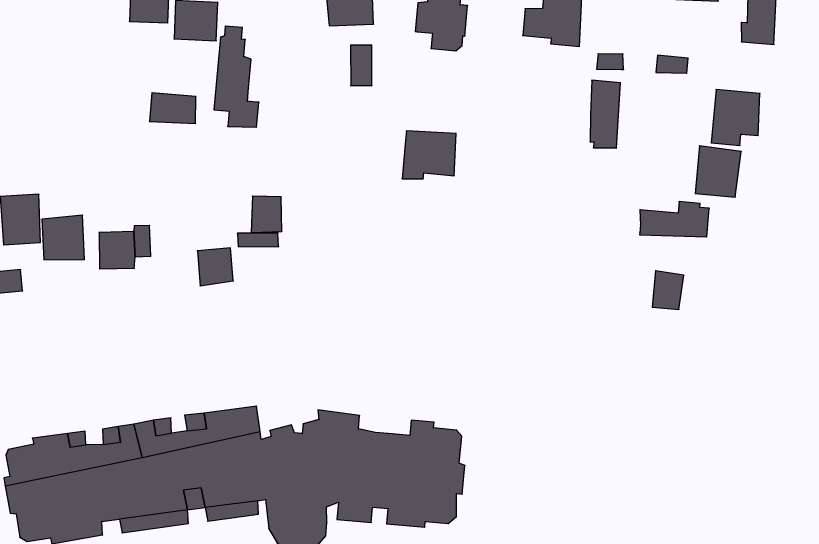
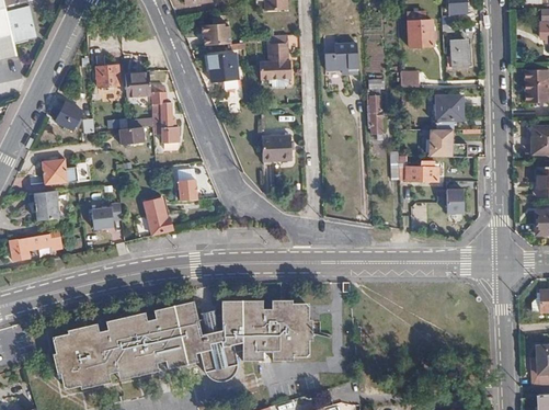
building: none -> [56,101,85,130]
building: [42,215,84,260] -> [42,158,68,185]
building: none -> [447,189,465,213]

